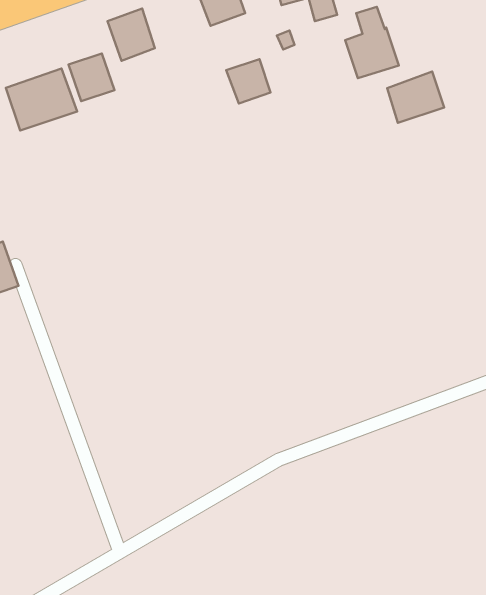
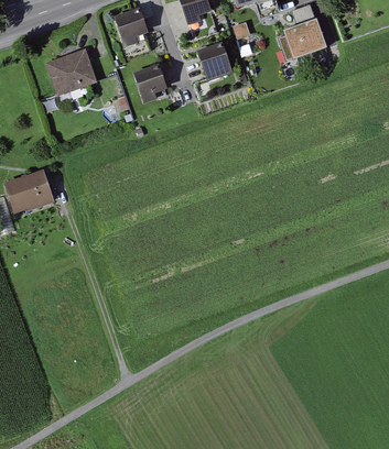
building: [69,54,115,101] -> [134,64,166,97]
building: [387,72,444,123] -> none

